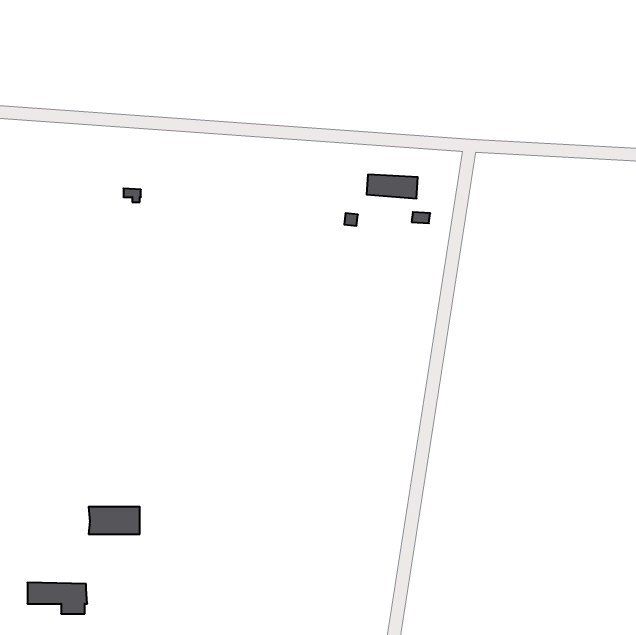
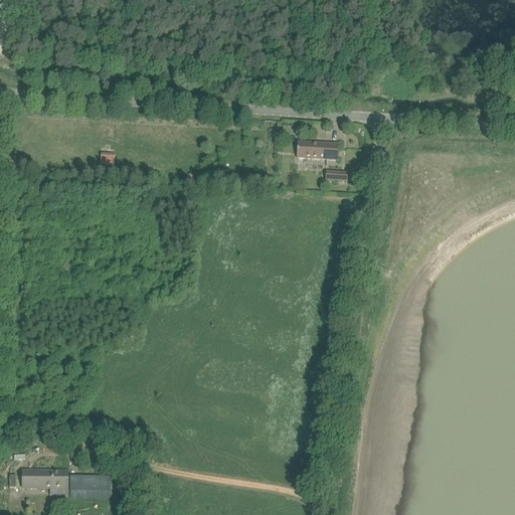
building: [89,507,140,534] -> [69,475,111,497]

